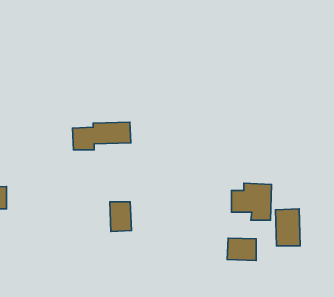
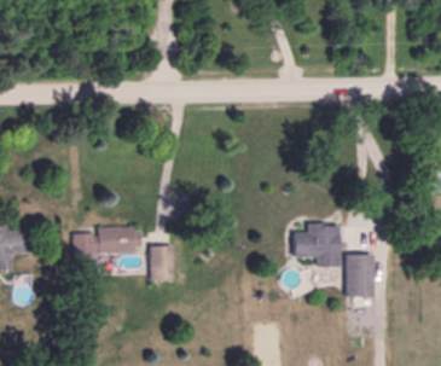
building: [73,122,131,150] -> [74,227,143,260]
building: [227,238,256,260] -> none

